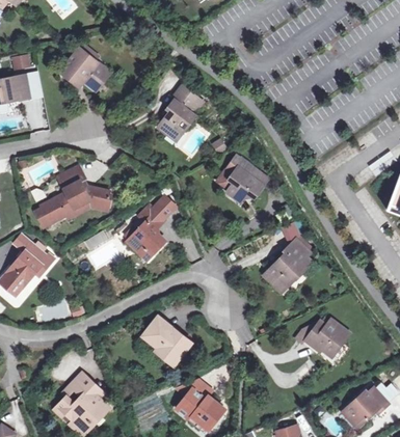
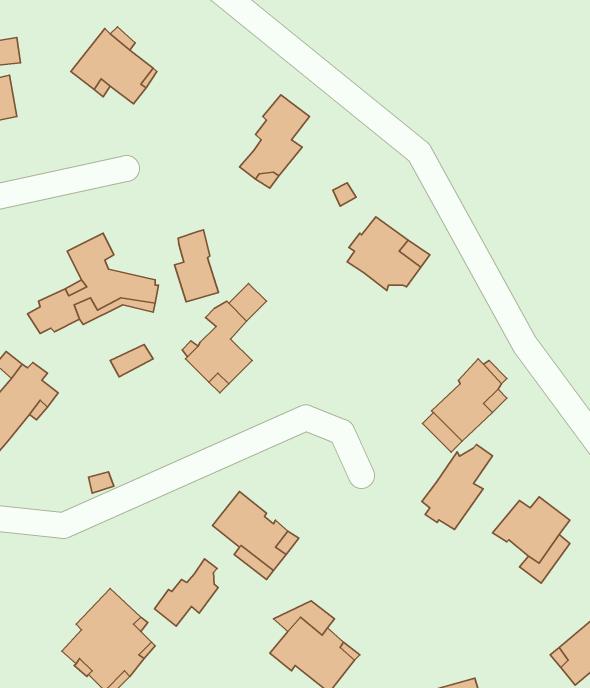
building: none -> [174,230,218,302]
building: none -> [422,444,493,529]
building: none -> [154,559,218,626]

